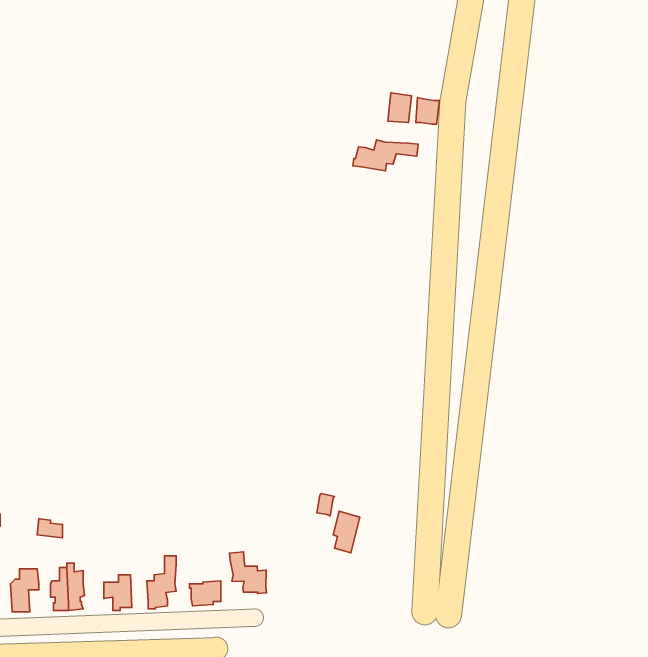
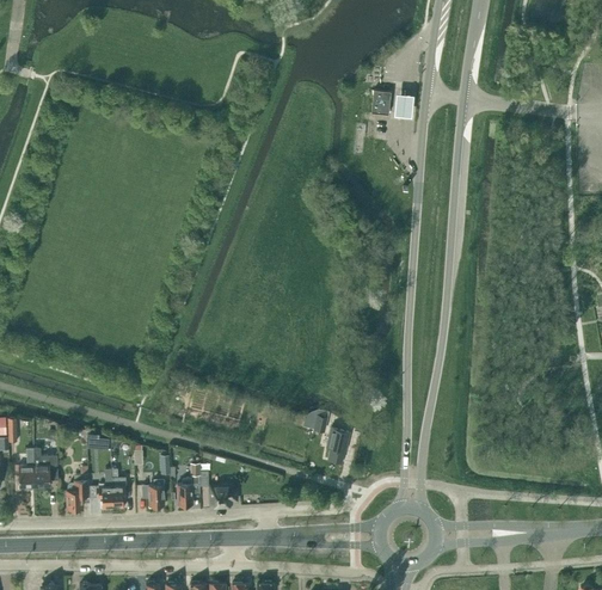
building: [353,140,418,171] -> none
building: [230,552,266,593] -> none

